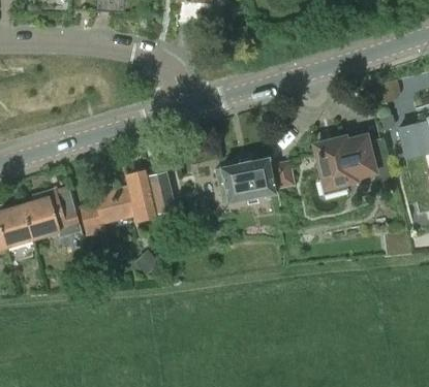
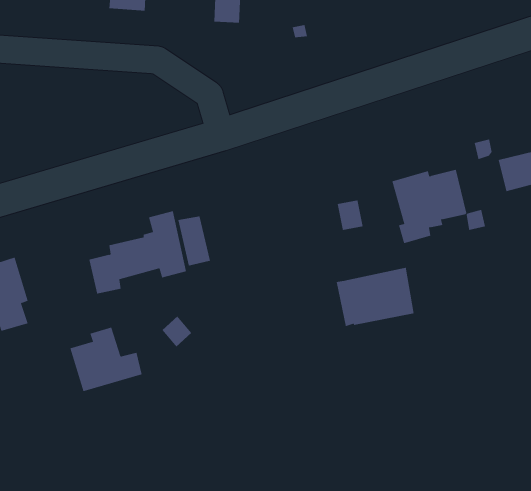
building: [215,157,276,203] -> [336,267,414,327]
building: [23,188,80,238] -> [69,327,143,392]

